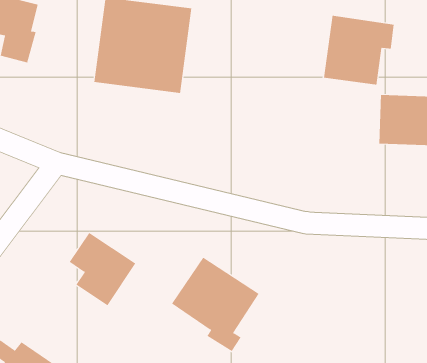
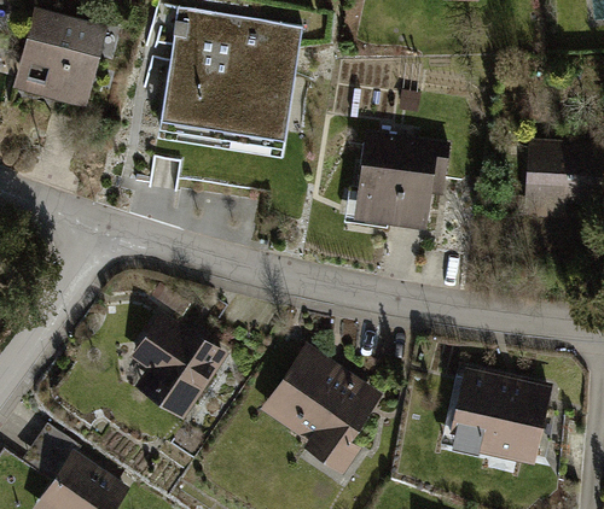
building: [323,15,394,85] -> [356,135,447,224]
building: none -> [454,370,547,456]

